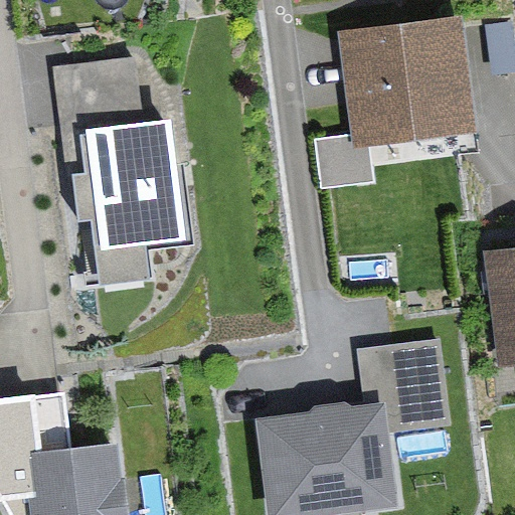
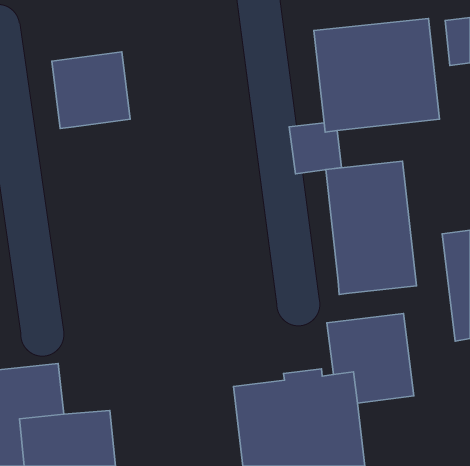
building: [74,127,186,287] -> none
building: none -> [326,161,416,294]

